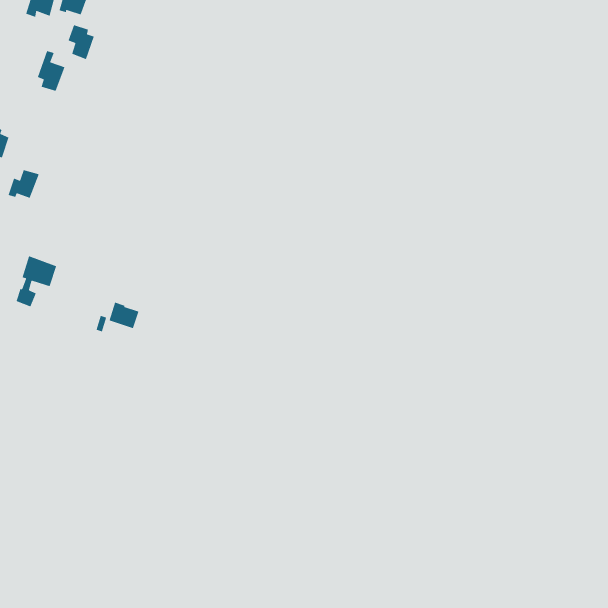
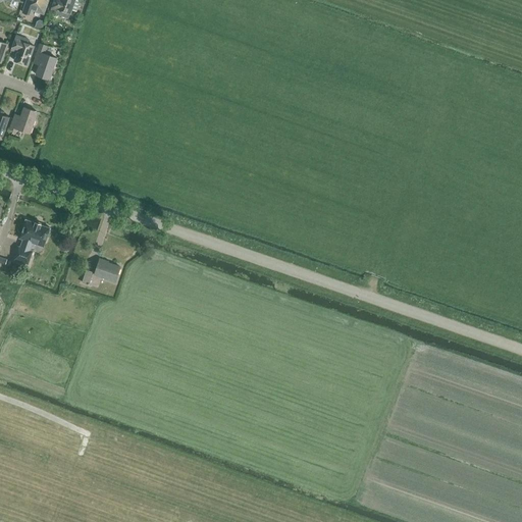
building: [67,24,95,60] -> [10,35,34,65]
building: [8,169,40,199] -> [9,107,37,133]

